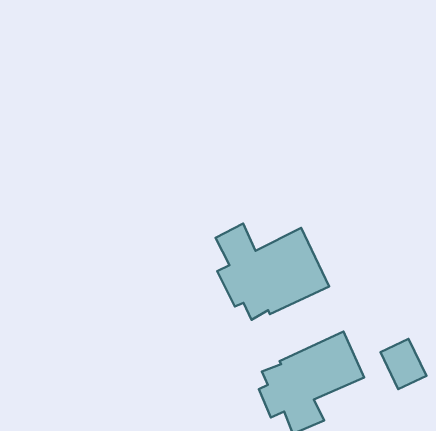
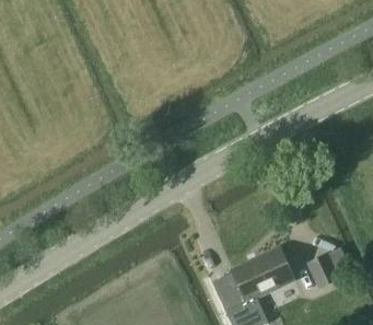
building: [215,223,329,320] -> none

